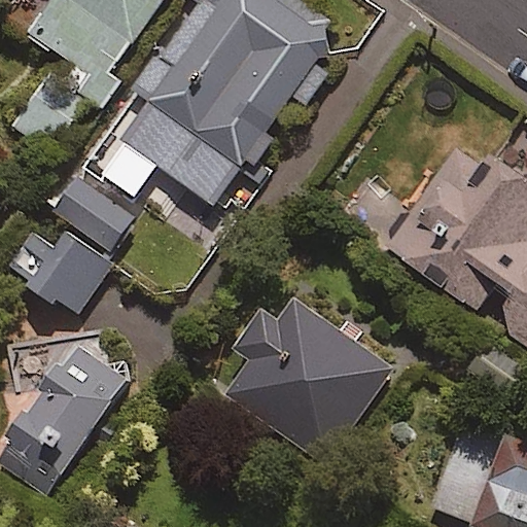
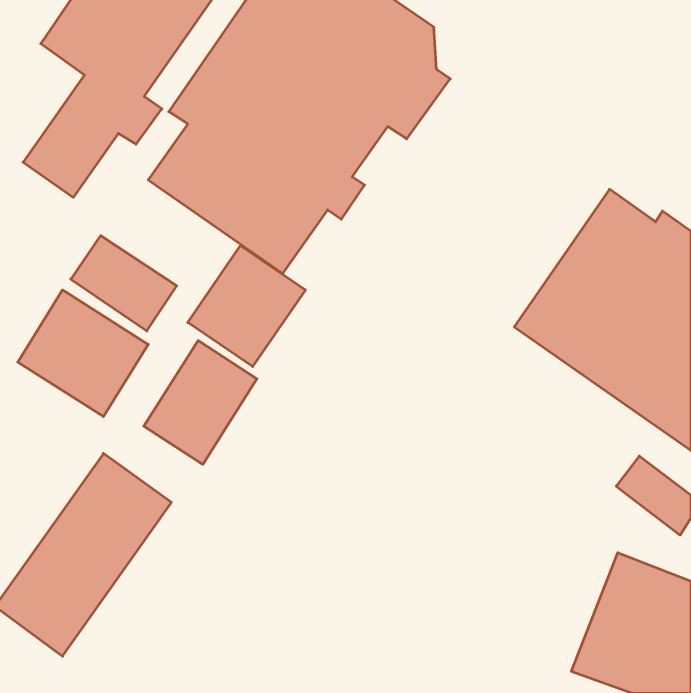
building: none -> [188,246,305,367]
building: none -> [144,341,257,464]
building: [218,296,394,463] -> none

